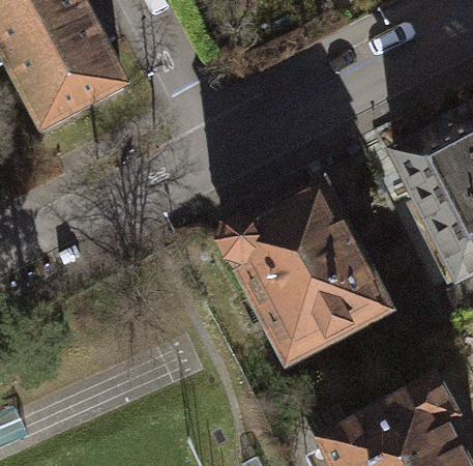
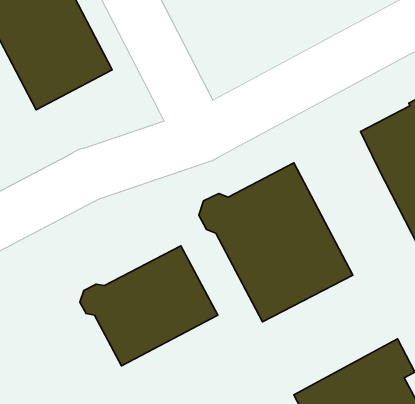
building: none -> [80,246,218,366]

